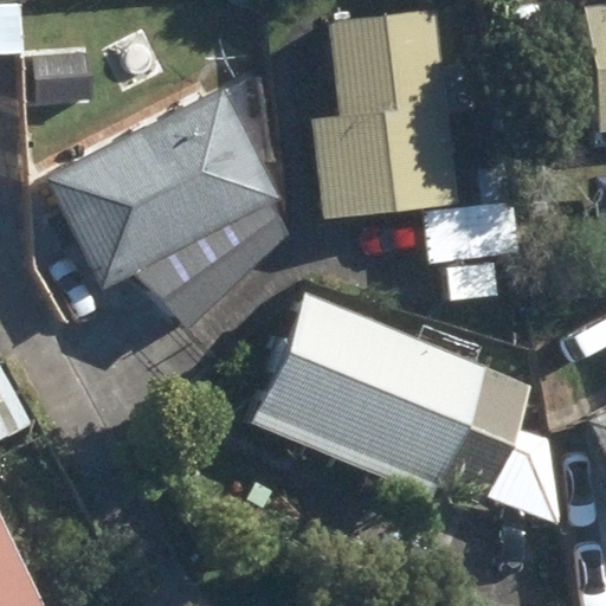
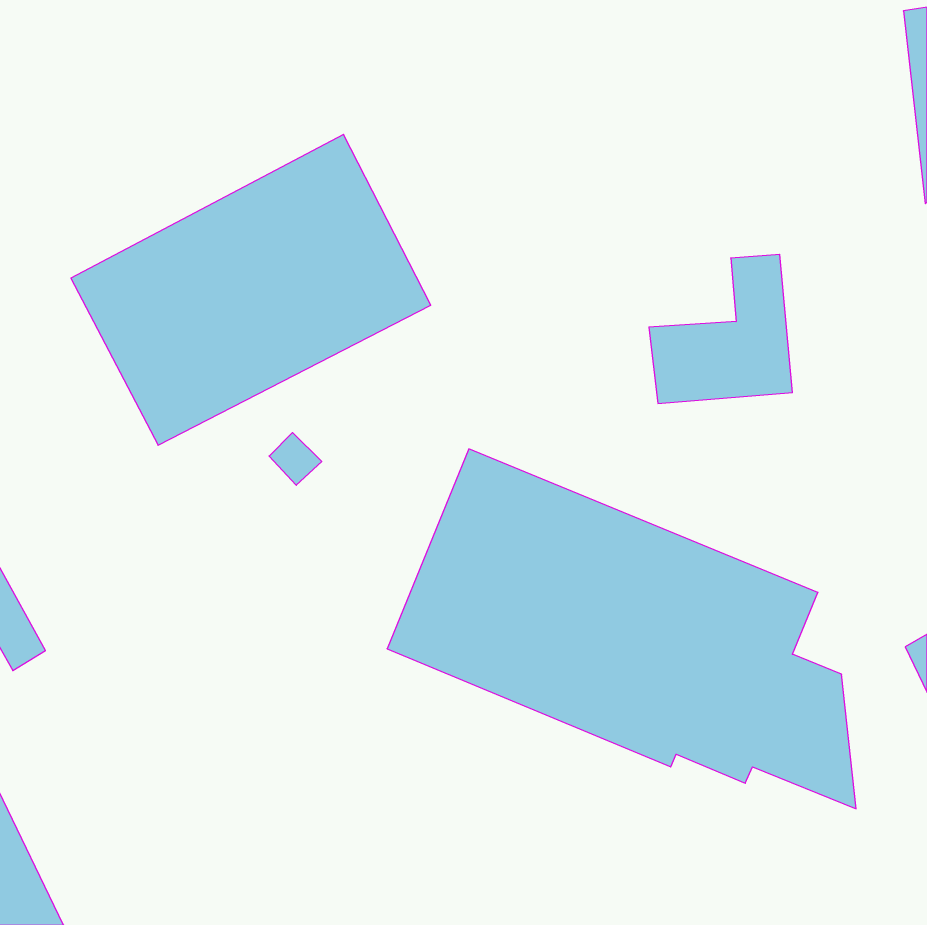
building: [315,14,475,220] -> none

